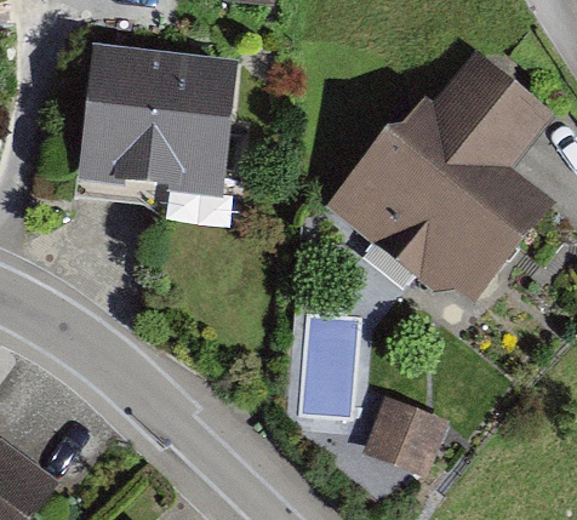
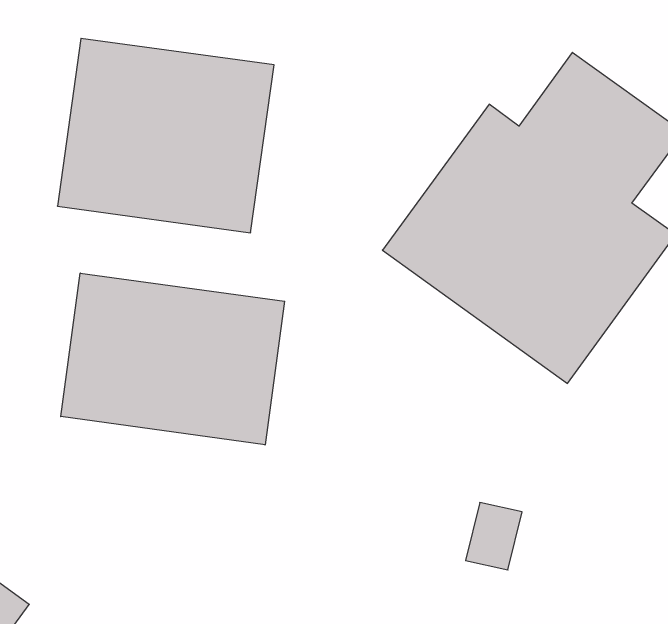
building: none -> [61,273,285,445]

